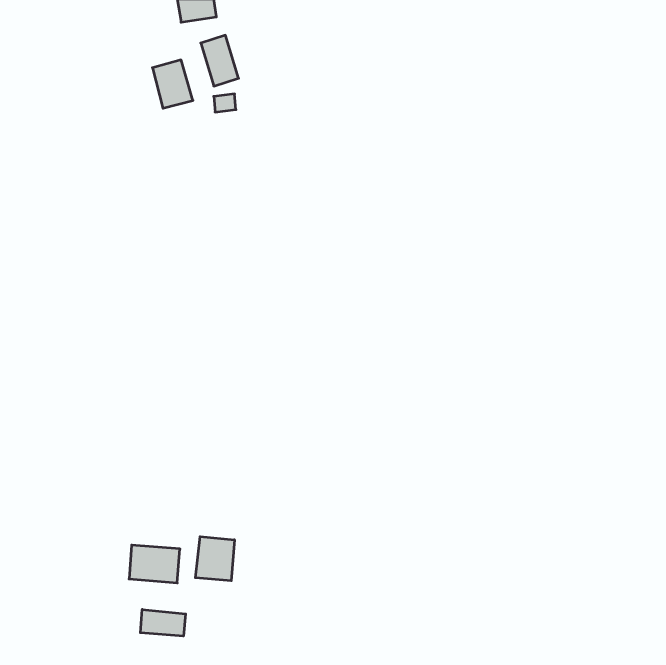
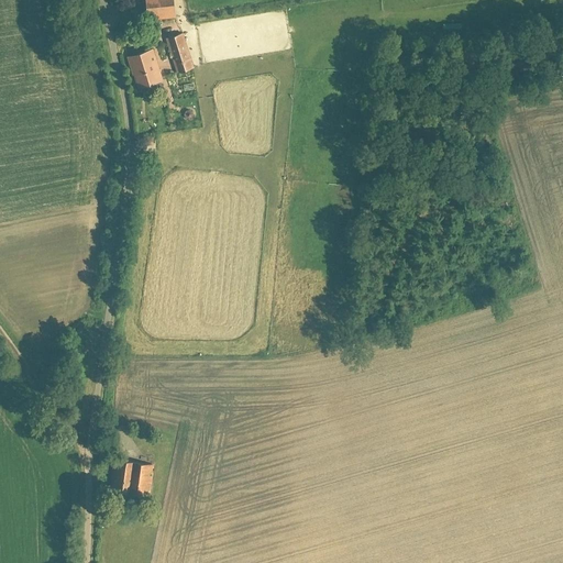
building: [195,537,234,581] -> none
building: [140,609,186,636] -> none

